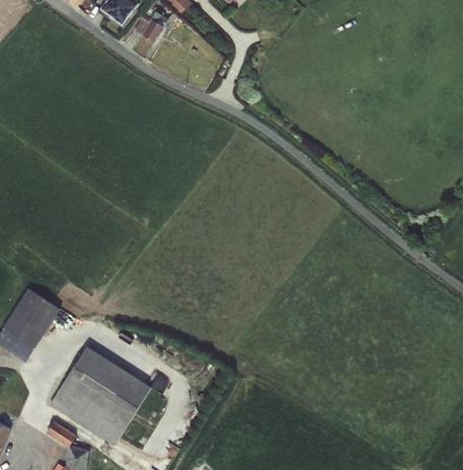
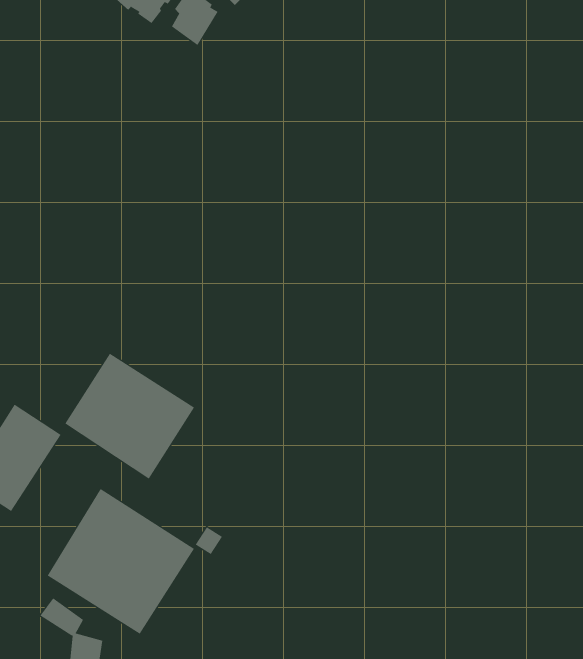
building: none -> [64,353,195,480]

